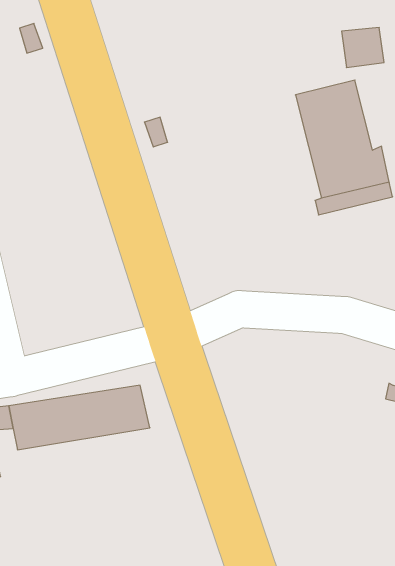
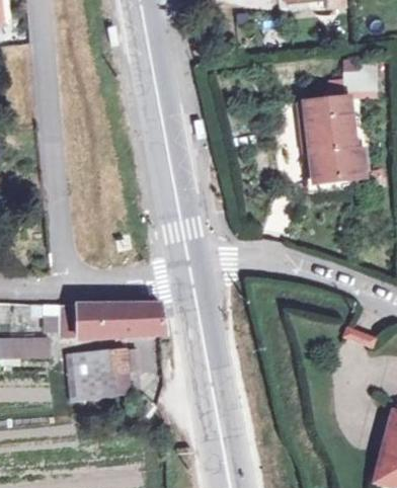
building: none -> [65,348,136,398]

